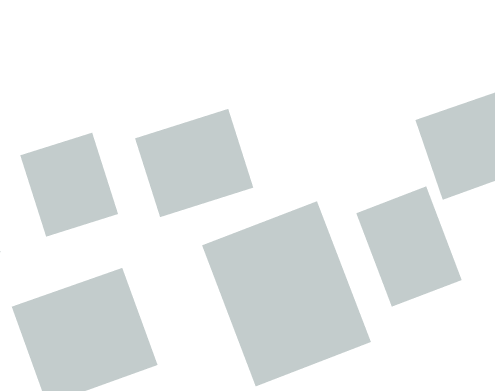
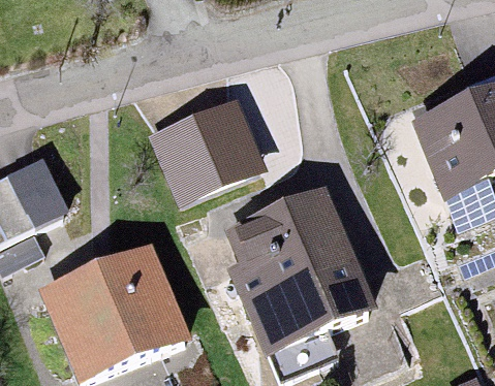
building: [20,132,119,237] -> none
building: [355,186,463,308] -> none

